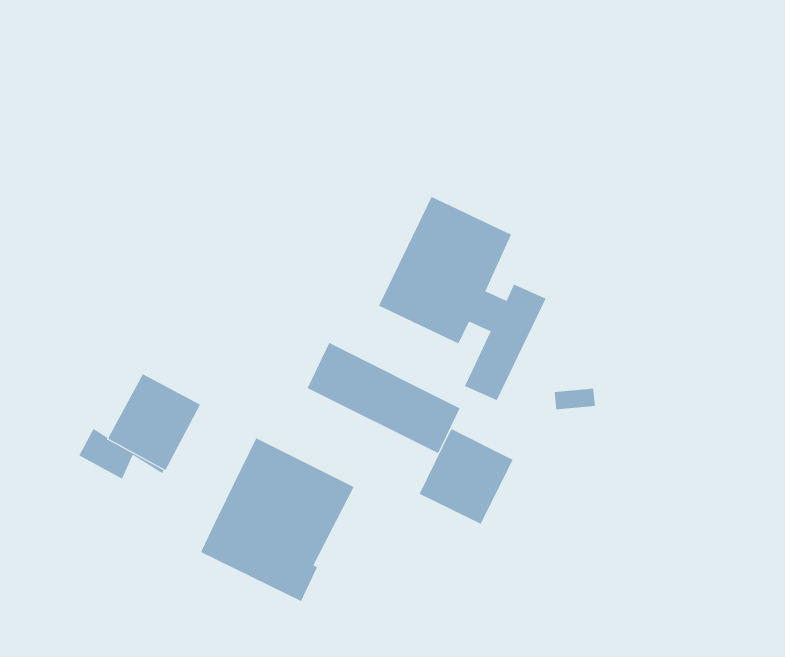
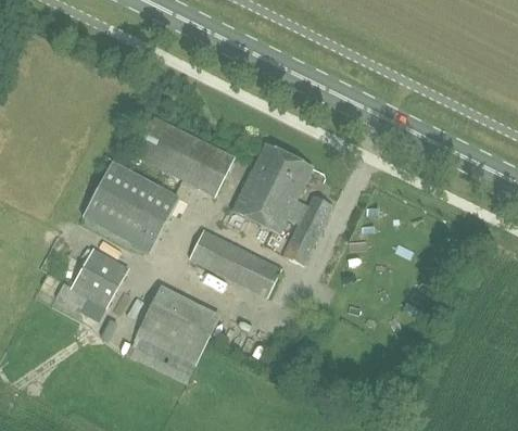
building: none -> [135,117,233,195]
building: none -> [83,162,179,253]
building: [419,428,513,524] -> none

